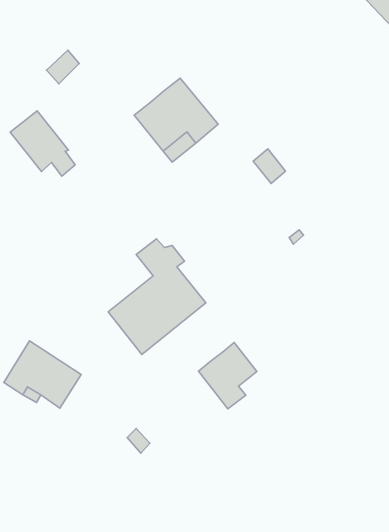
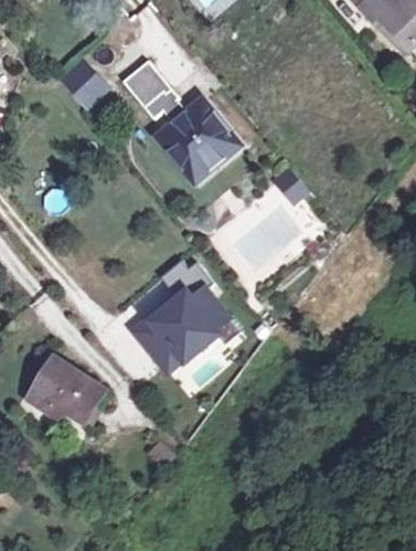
building: [10,111,75,176] -> [121,60,185,124]
building: [198,343,257,409] -> none

